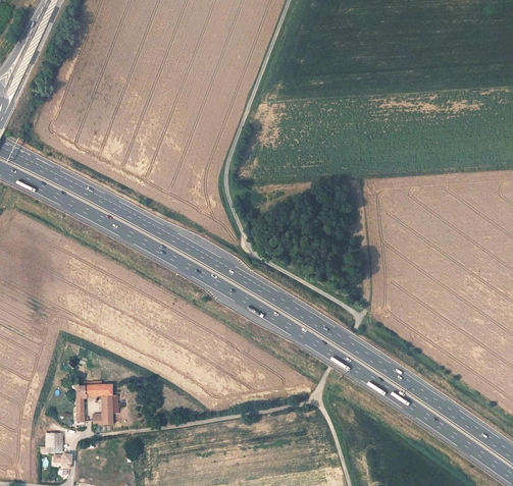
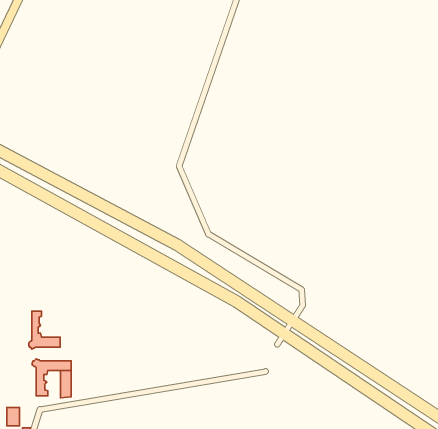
building: none -> [29,311,60,349]

